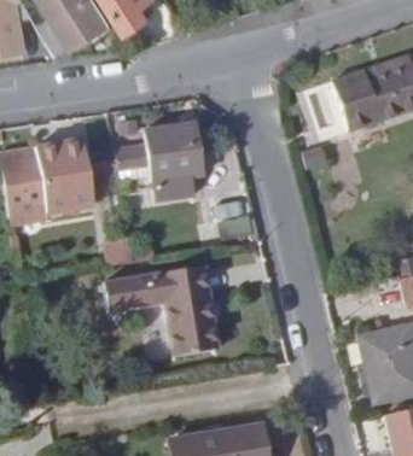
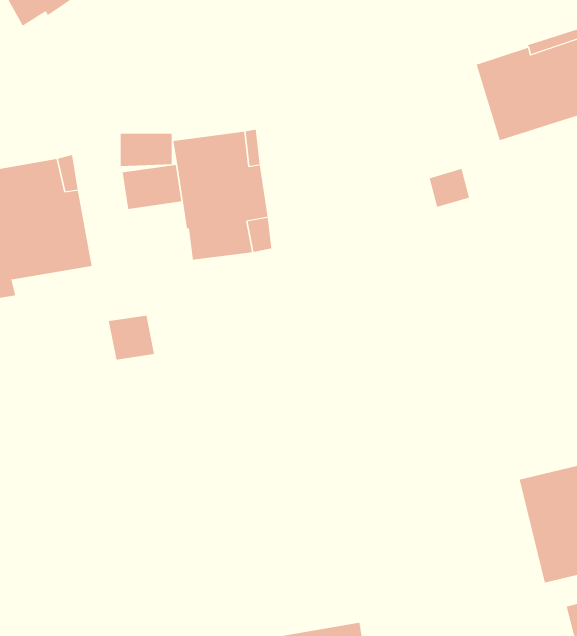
building: [104,264,219,356] -> none

